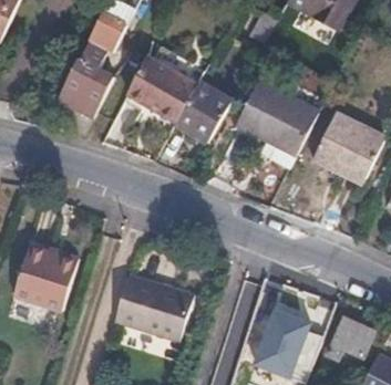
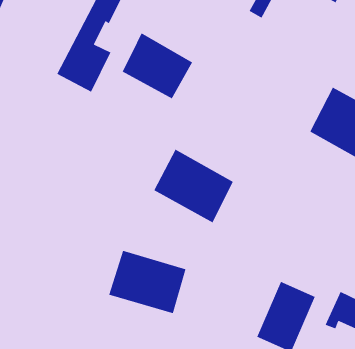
building: [236,81,317,156] -> [153,148,234,224]
building: [176,83,230,142] -> none
building: [12,249,80,313] -> none

